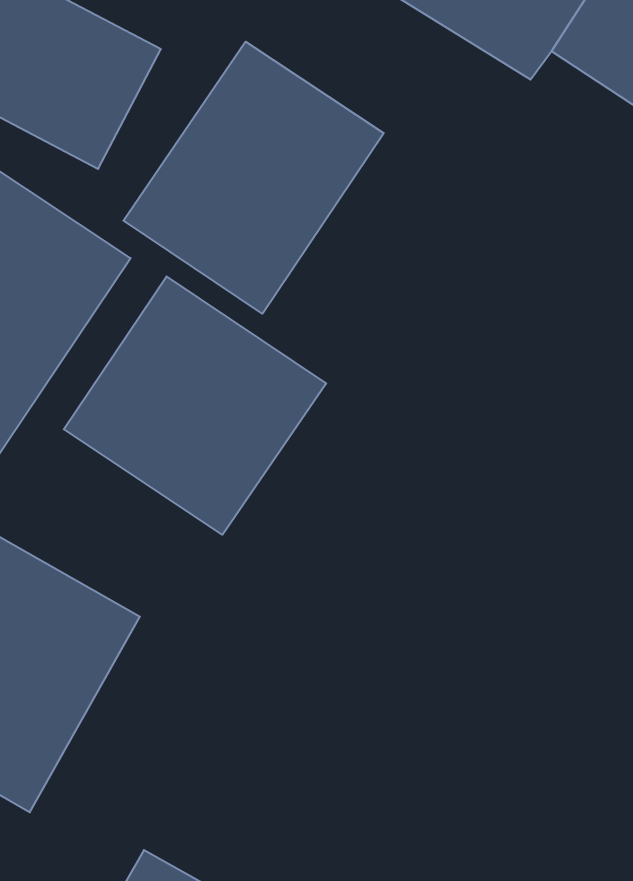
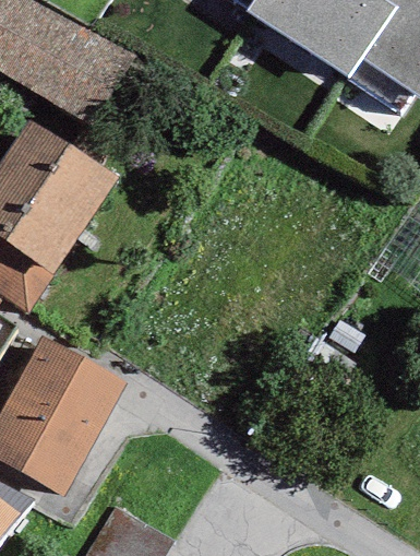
building: [123,42,384,314] -> none
building: [64,276,326,535] -> none

